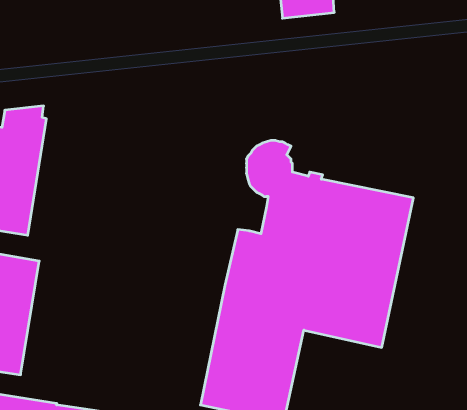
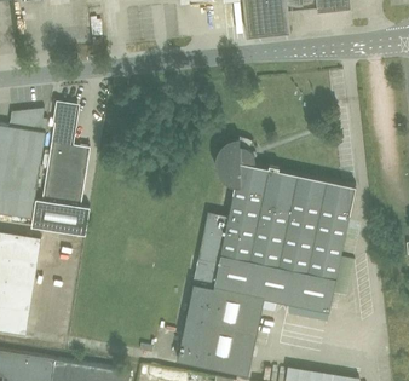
building: none -> [31,104,91,236]

